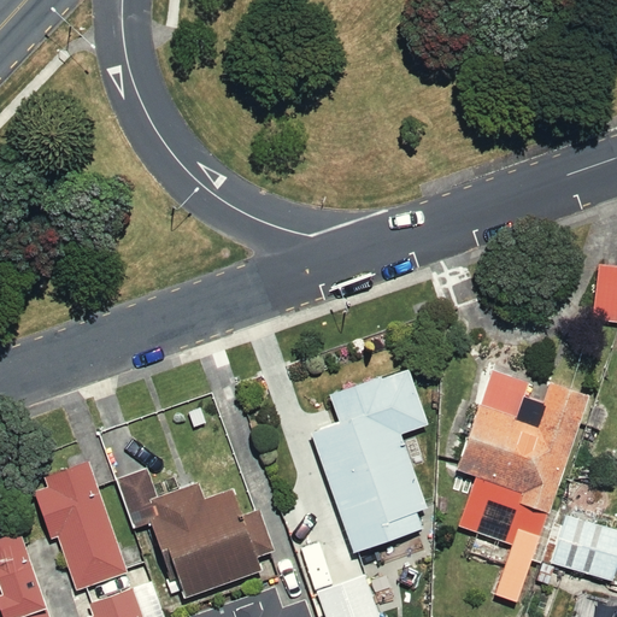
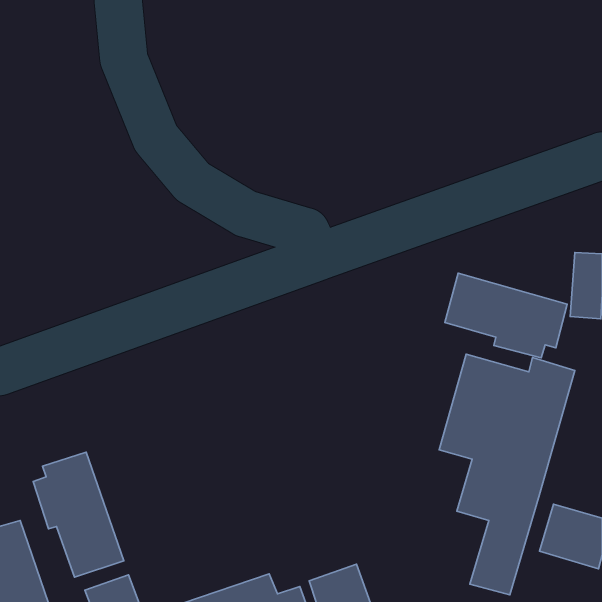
building: none -> [445,273,567,358]
building: [313,371,428,556] -> none
building: [113,469,275,599] -> none

